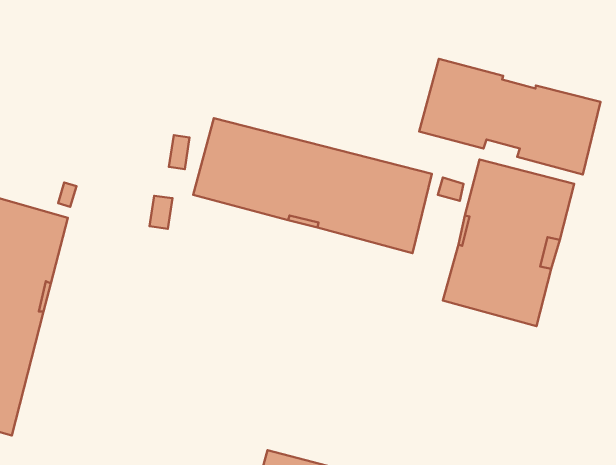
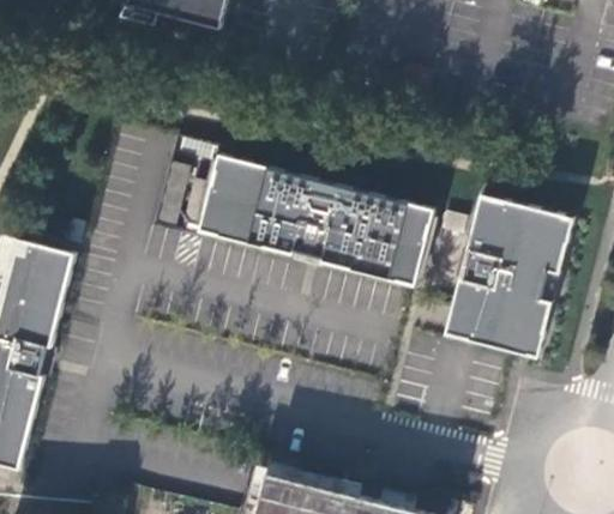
building: [419,59,601,174] -> none

